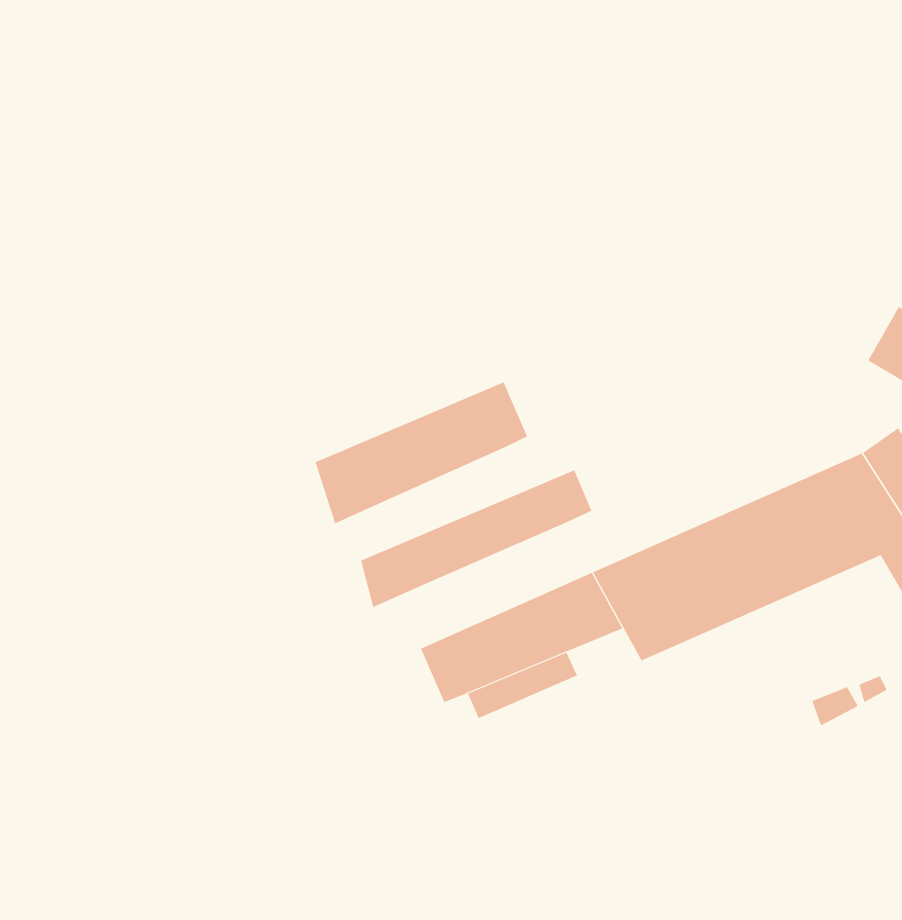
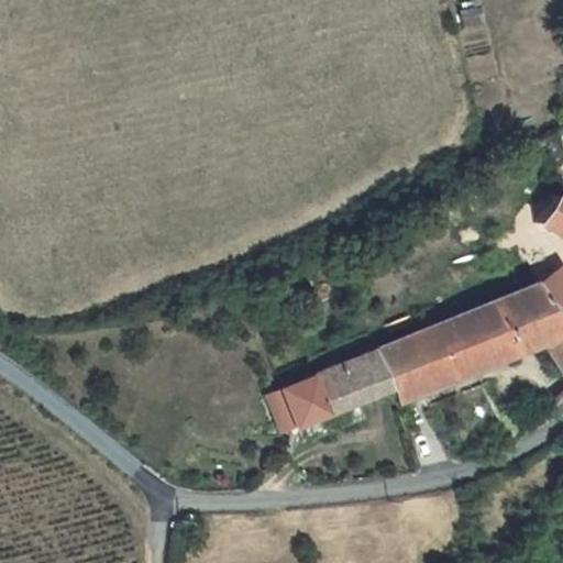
building: [315,382,528,524] -> none
building: [360,470,592,608] -> none

